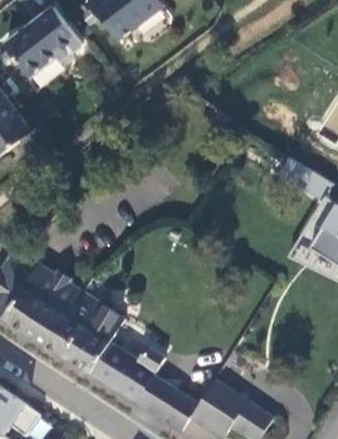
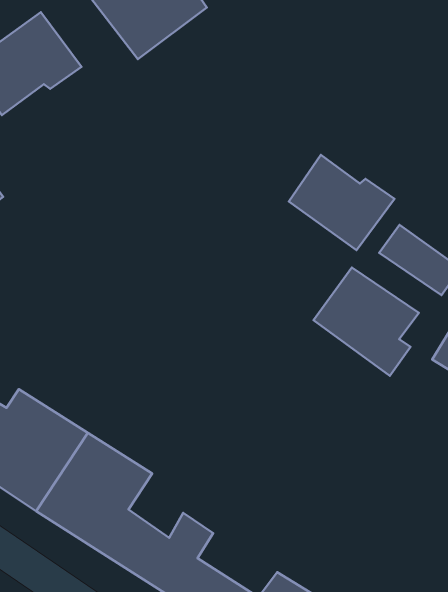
building: none -> [289,155,394,250]
building: none -> [314,267,419,376]

